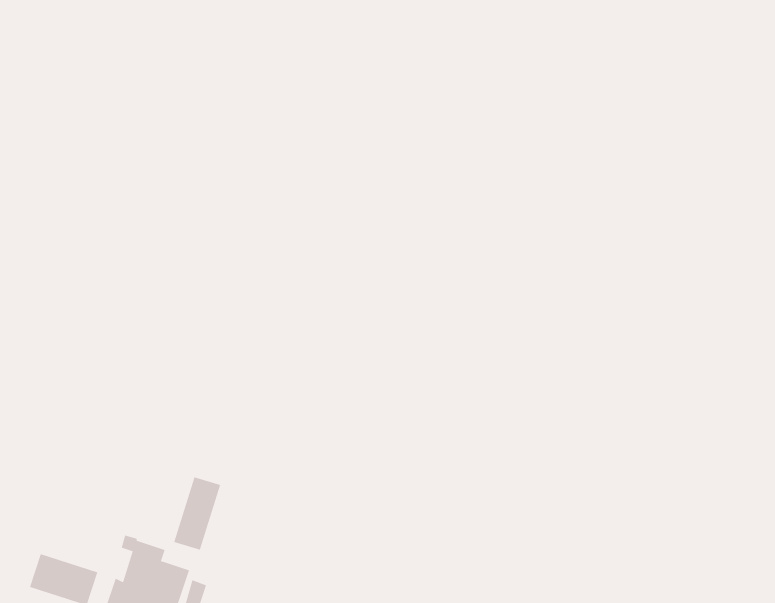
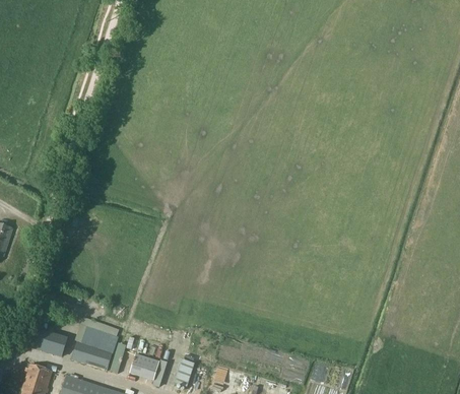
building: [173,477,221,551] -> none

